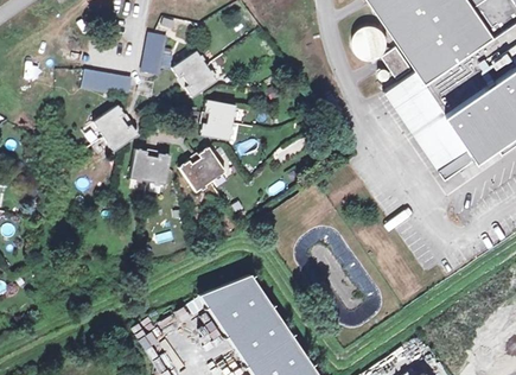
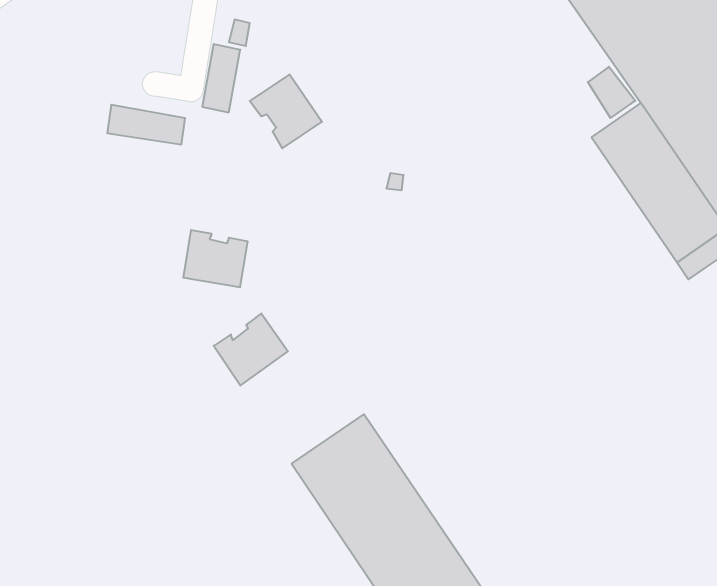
building: [200,100,236,140] -> none
building: [94,104,139,151] -> none
building: [179,147,225,192] -> [214,313,288,386]

